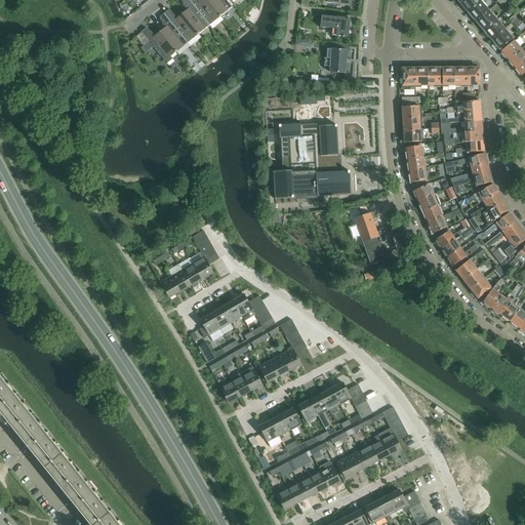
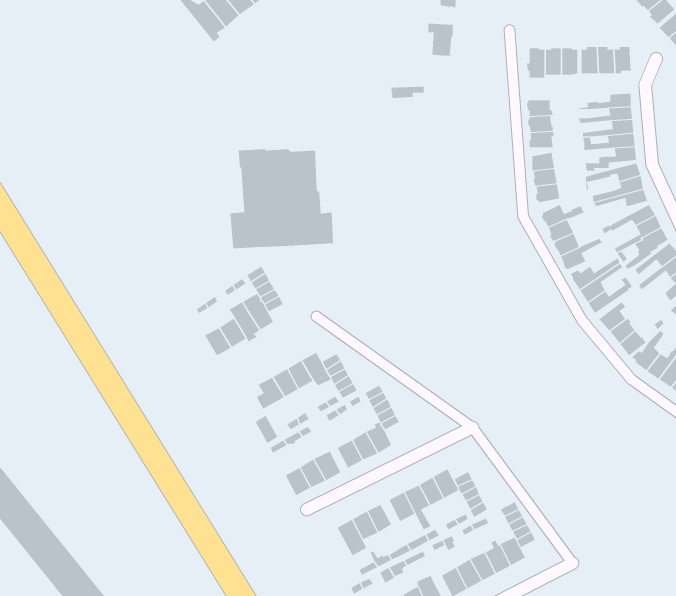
building: [273,123,351,198] -> [230,149,334,249]
building: [360,212,391,265] -> none

